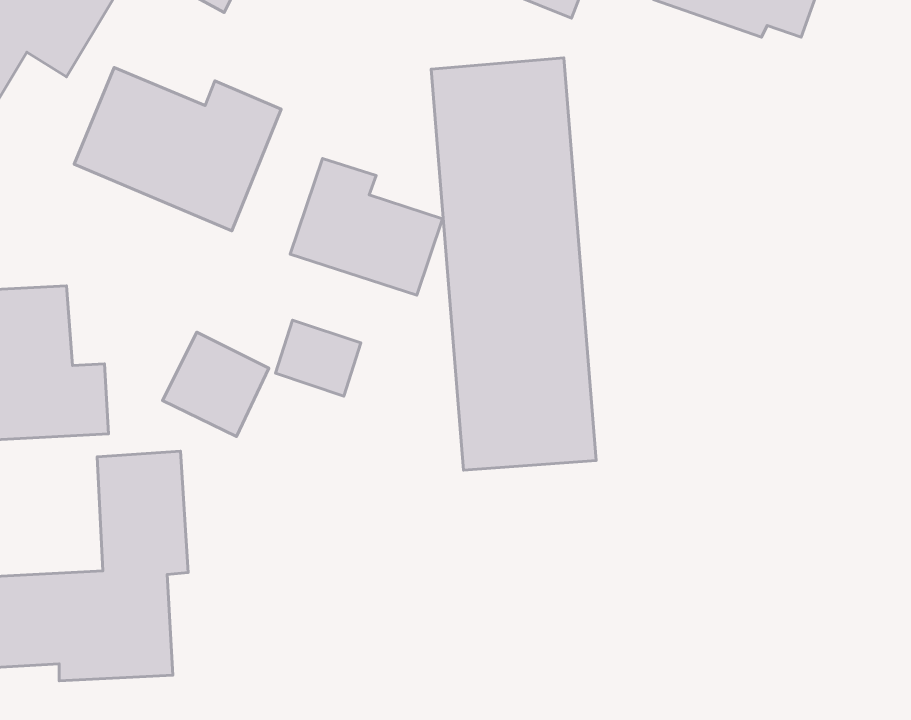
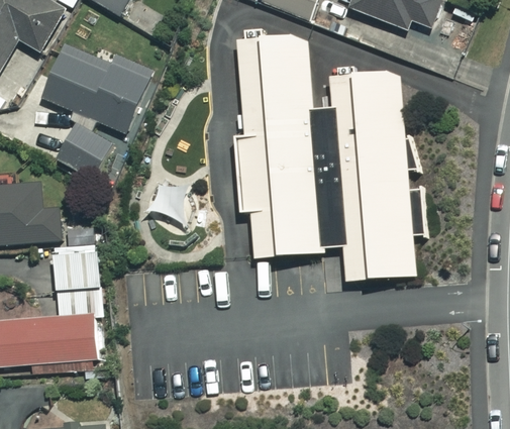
building: none -> [333,73,417,287]
building: [290,159,442,295] -> none
building: [163,332,269,437] -> [59,123,115,179]

